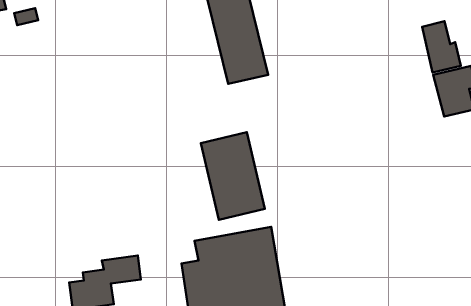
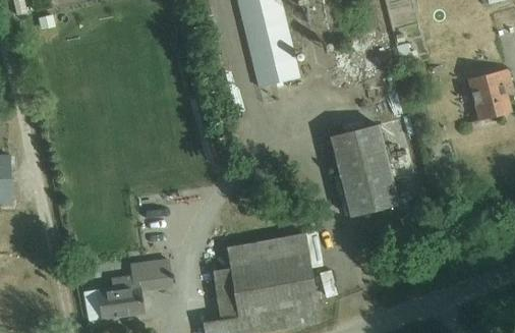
building: [422,21,461,73] -> none
building: [201,132,265,220] -> [330,125,395,215]

